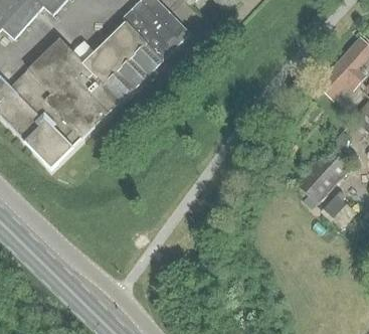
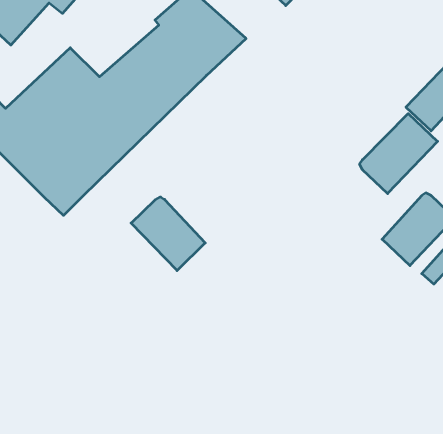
building: none -> [360,114,438,194]
building: none -> [131,197,205,271]

